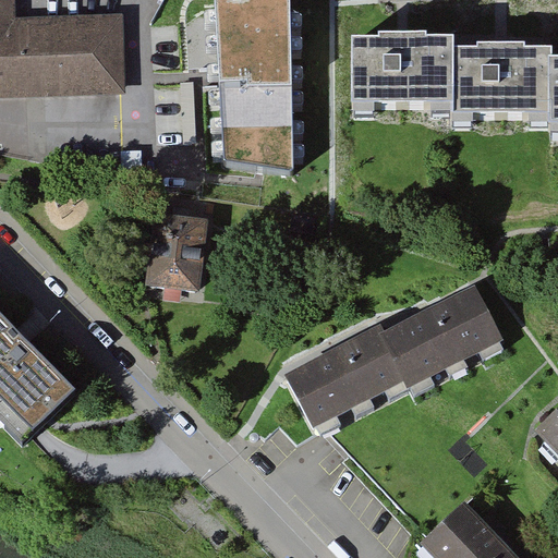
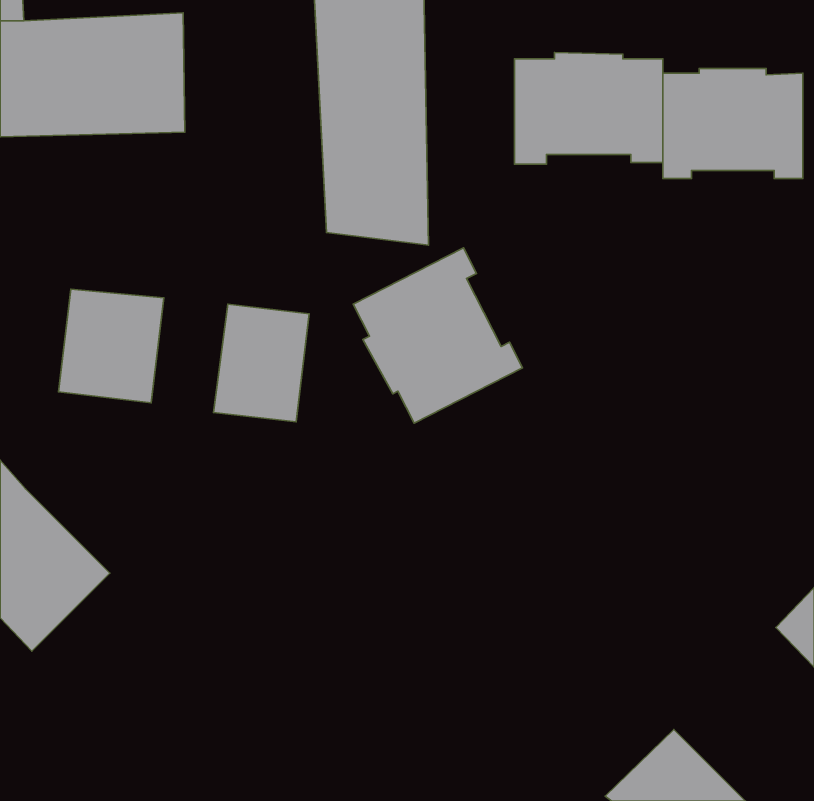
building: none -> [353,248,523,423]
building: none -> [59,289,164,403]
building: [277,286,500,435] -> none

